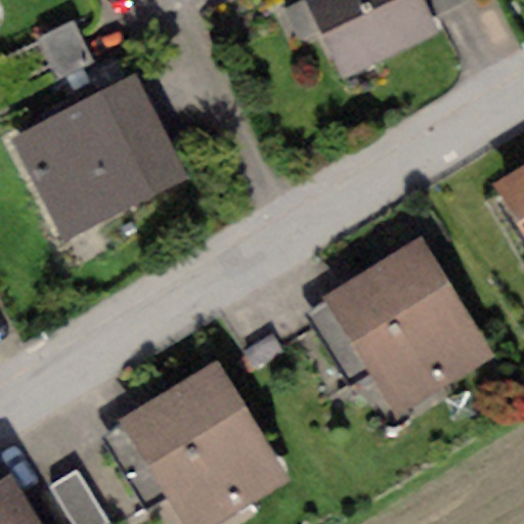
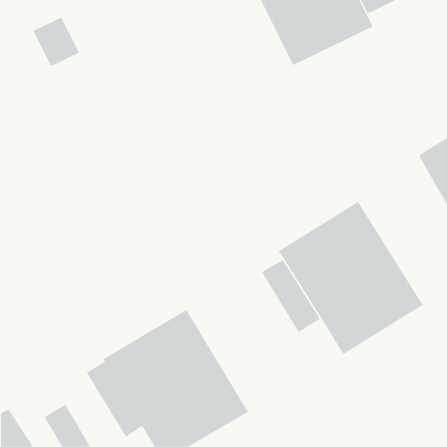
building: [12,78,186,241] -> none

